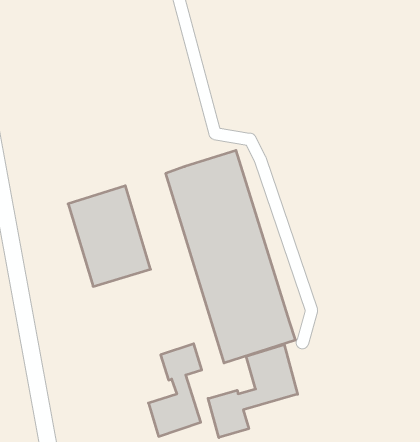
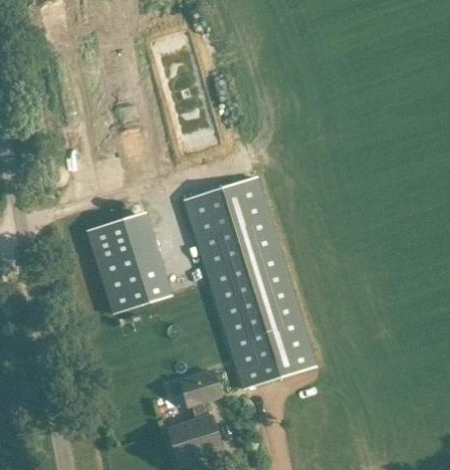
building: [208,345,298,438] -> none

